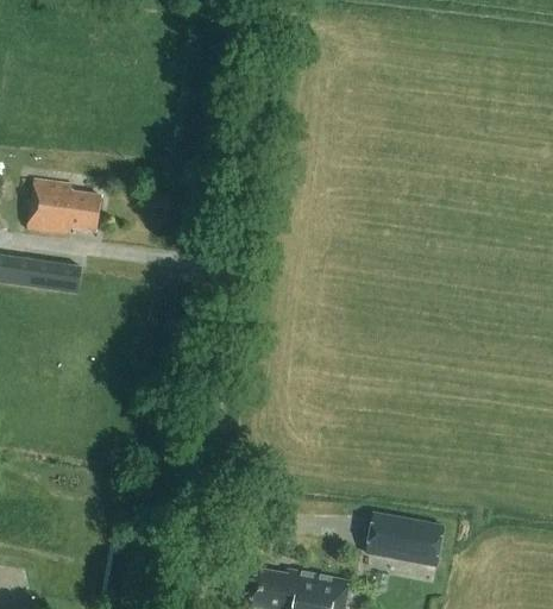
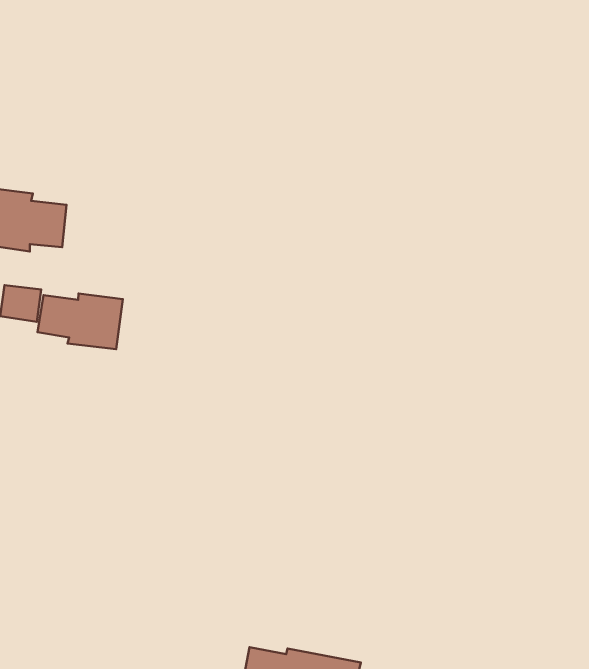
building: none -> [38,293,123,349]
building: [365,513,442,566] -> none

